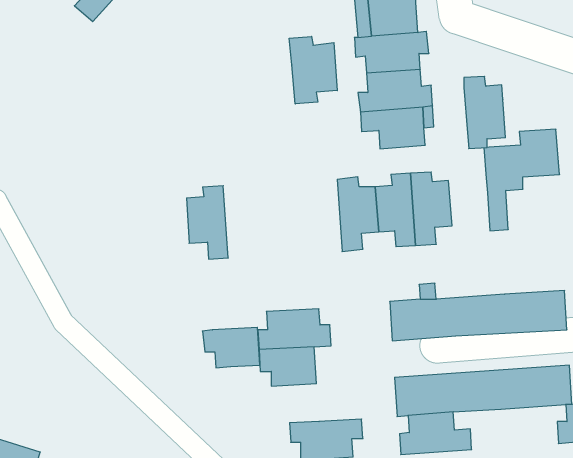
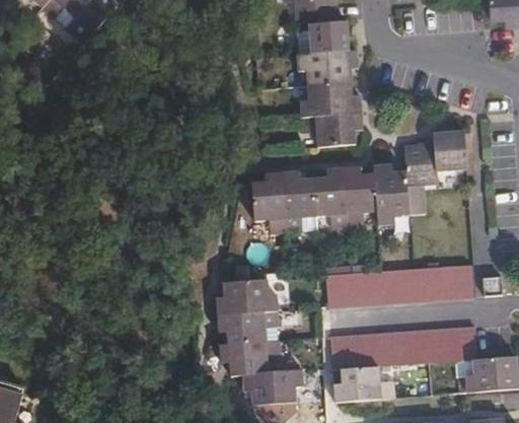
building: [289,36,337,104] -> none
building: [464,76,505,149] -> [375,164,410,224]
building: [187,186,228,259] -> [252,172,287,233]
building: [202,327,260,368] -> [220,342,268,375]

